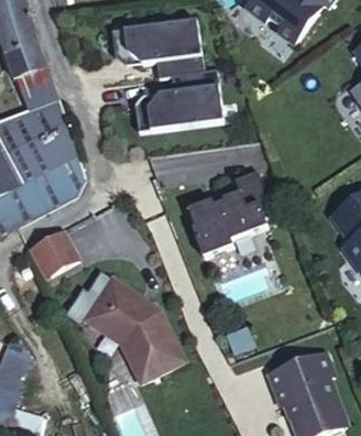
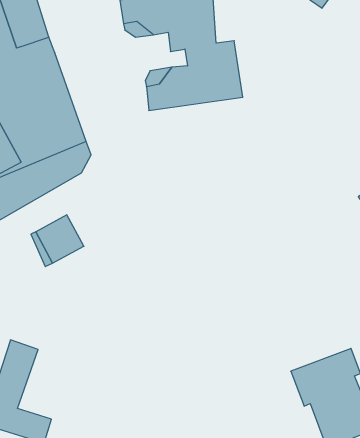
building: [186,172,271,259] -> none
building: [84,279,185,383] -> none

